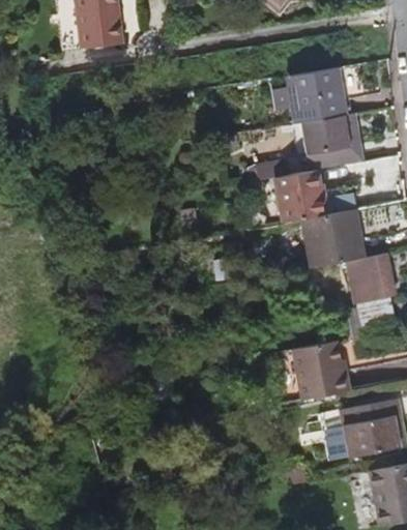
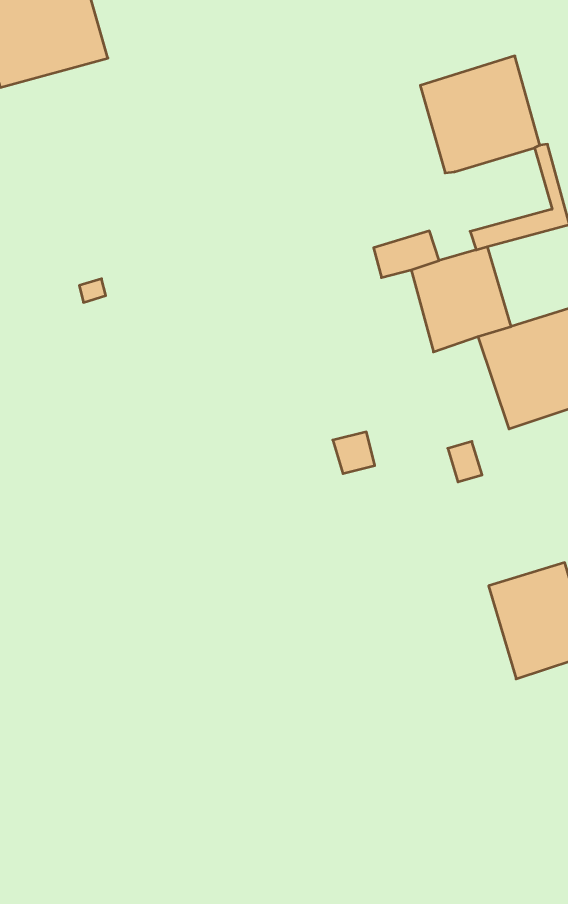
building: [301,117,351,157] -> none

